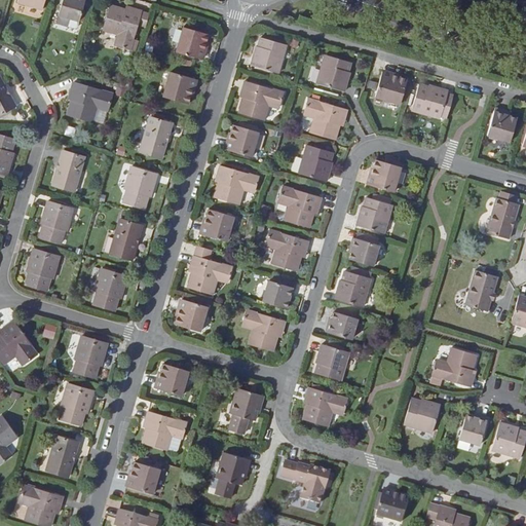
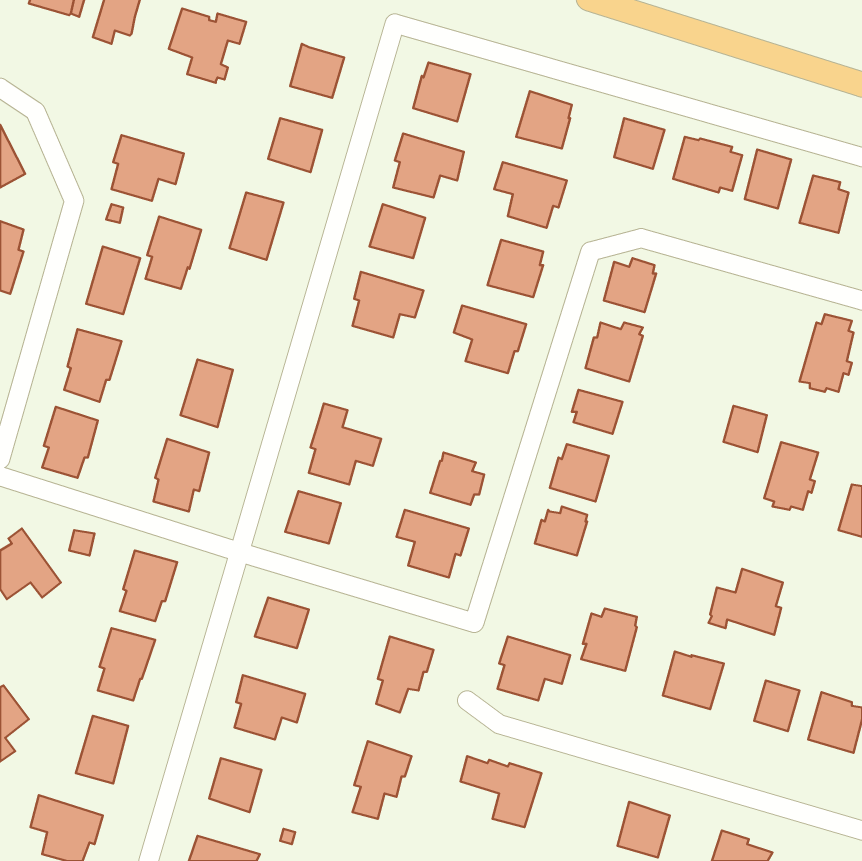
building: none -> [745,149,791,209]
building: [123,165,157,210] -> [146,216,201,289]
building: [201,210,234,241] -> none
building: [264,229,308,270] -> none
building: none -> [723,406,767,452]
building: [315,341,349,379] -> [581,608,637,671]

